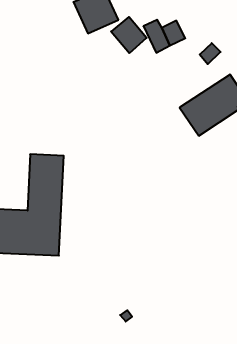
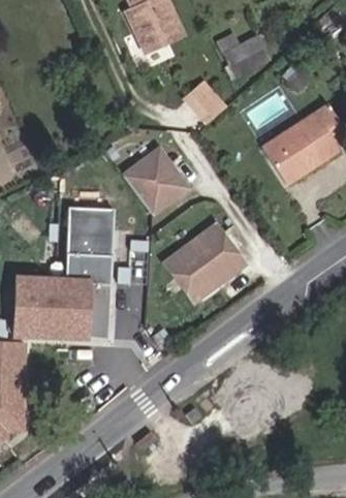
building: [111,17,147,53] -> [184,79,229,125]
building: none -> [123,148,186,212]
building: none -> [163,225,242,300]

